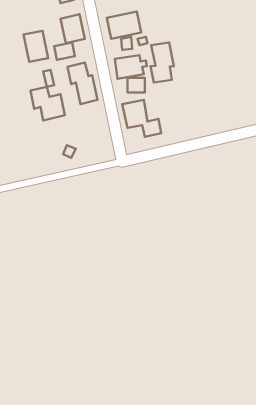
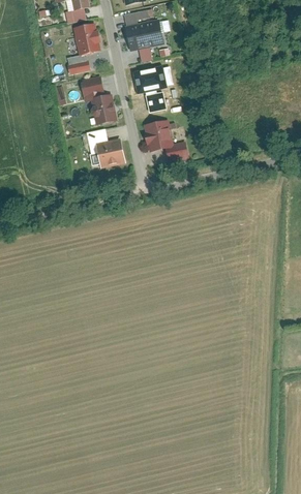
building: [24,31,48,62] -> none
building: [151,42,174,83] -> none
building: [30,87,65,121] -> [87,128,126,166]

